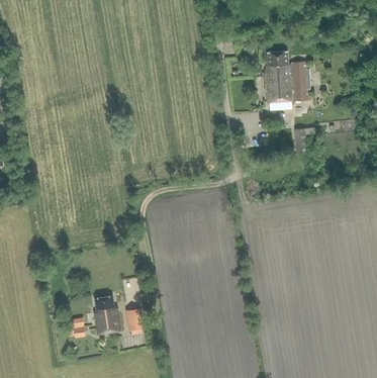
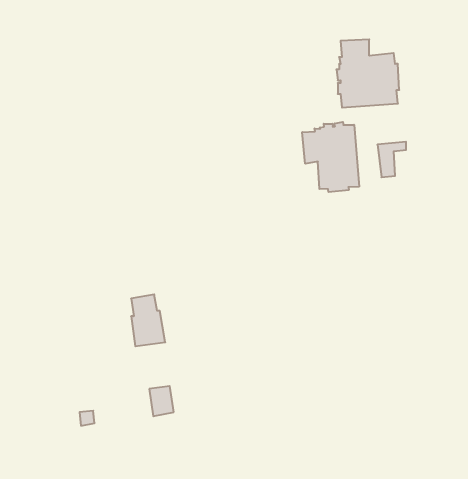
building: none -> [302,122,359,192]
building: [94,295,119,334] -> [131,294,165,346]

